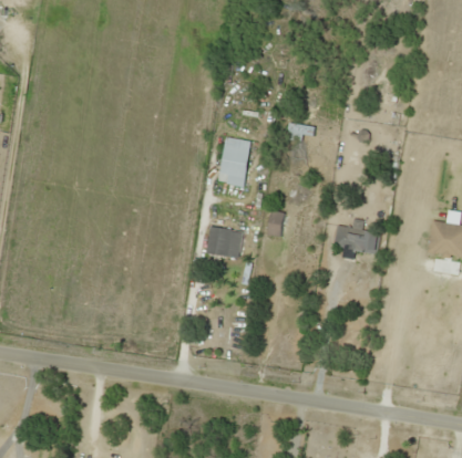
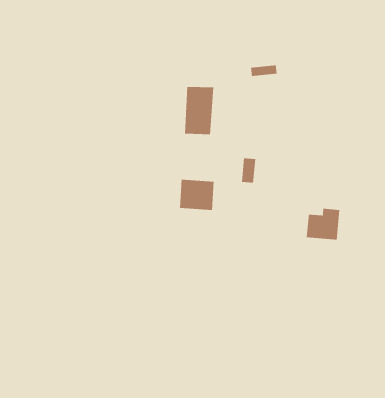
building: [333,220,369,252] -> [306,208,340,240]

